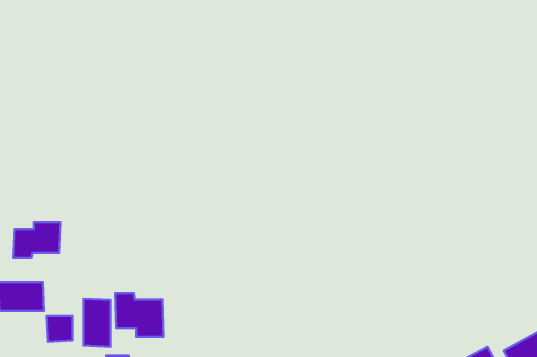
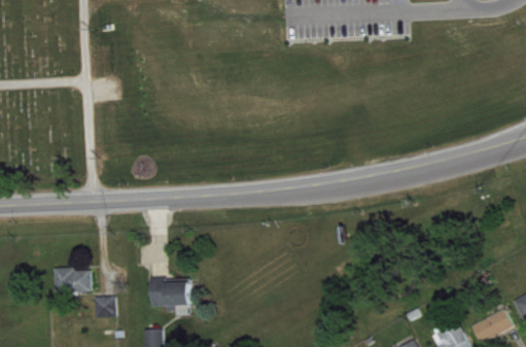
building: [13,222,60,258] -> none
building: [83,299,110,347] -> none

